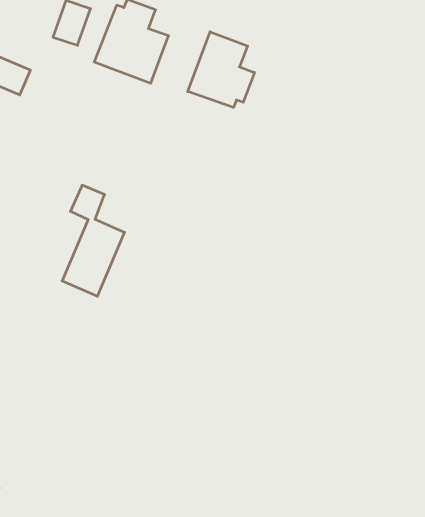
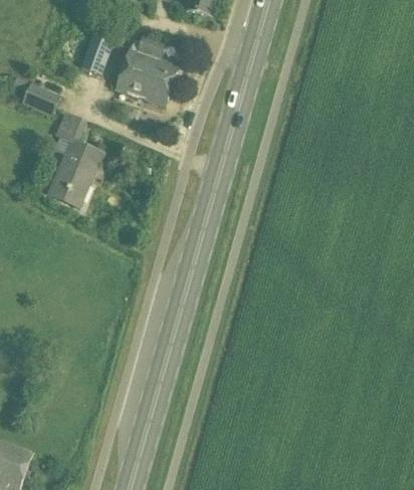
building: [188,32,254,107] -> none
building: [62,185,125,296] -> [48,112,101,206]

